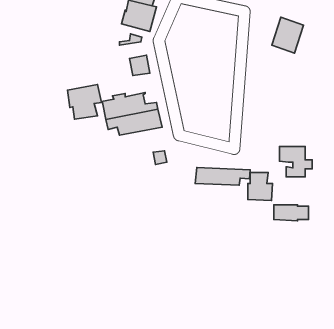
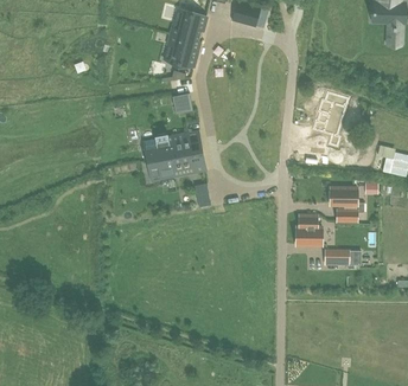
building: [272,17,304,53] -> [313,99,346,137]
building: [68,84,101,119] -> none
building: [195,167,250,185] -> none

